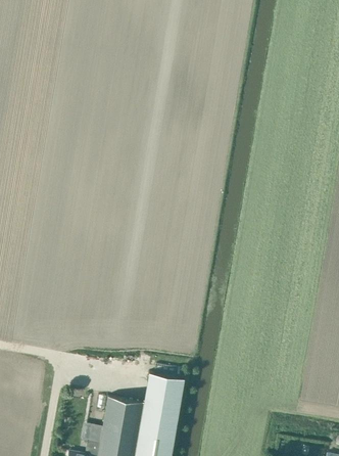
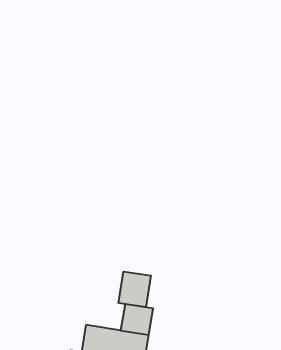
building: none -> [119,272,151,307]

